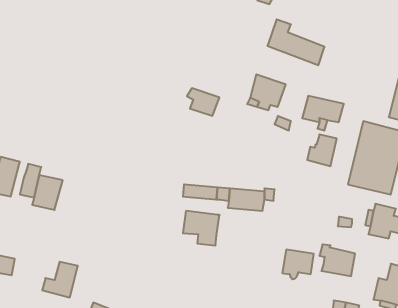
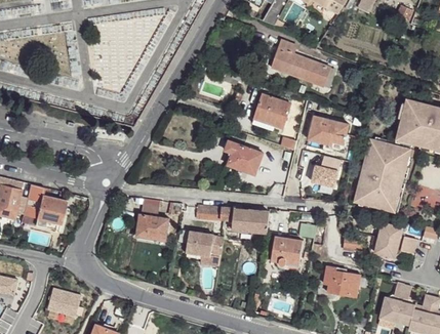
building: [187,88,219,116] -> [223,143,255,171]
building: none -> [136,214,167,240]
building: [282,250,314,279] -> [272,237,304,266]

